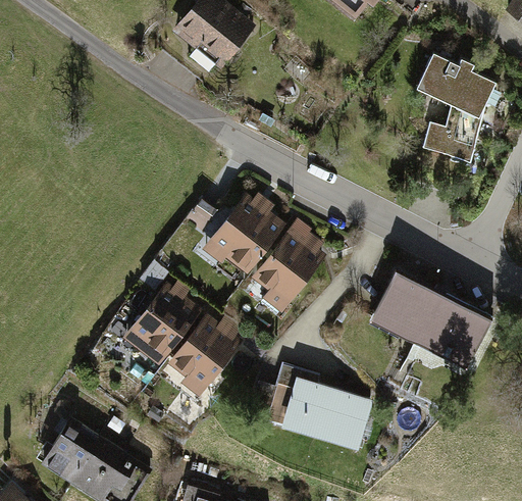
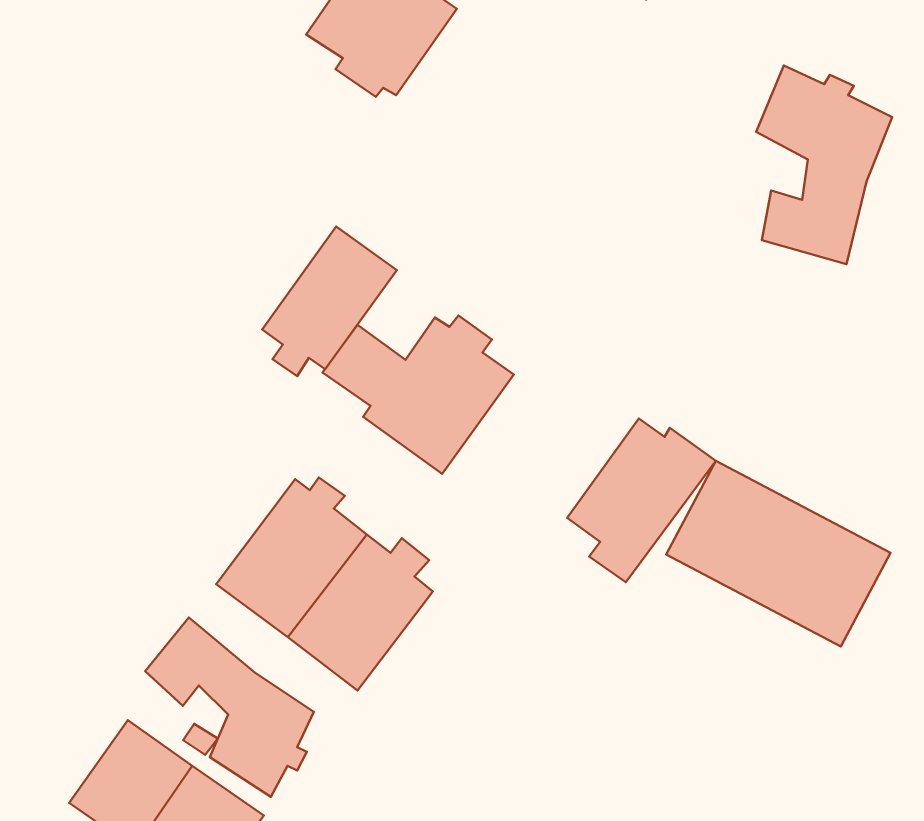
building: none -> [262,226,397,376]
building: [247,223,329,314] -> [567,419,716,582]
building: none -> [145,617,314,797]
building: [253,364,376,450] -> none

